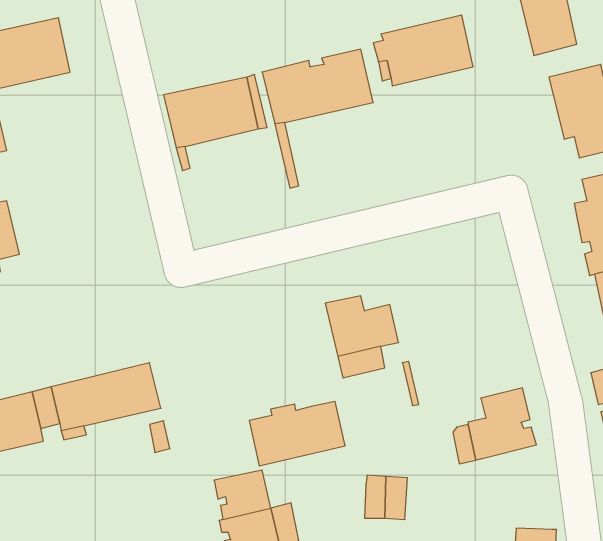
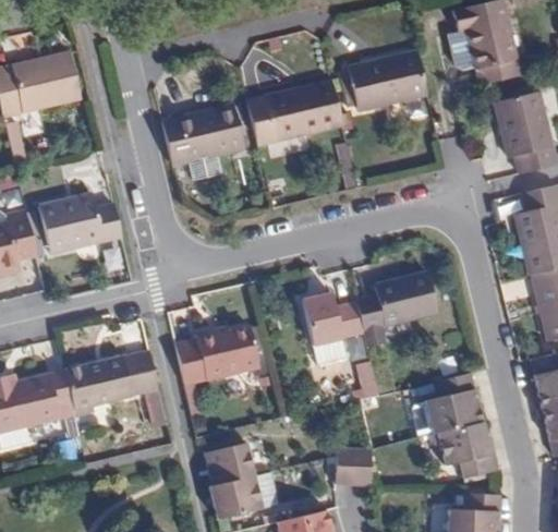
building: none -> [41,194,122,252]
building: none -> [356,273,435,346]
building: [249,402,345,466] -> [175,327,258,383]
building: none -> [435,421,498,479]

